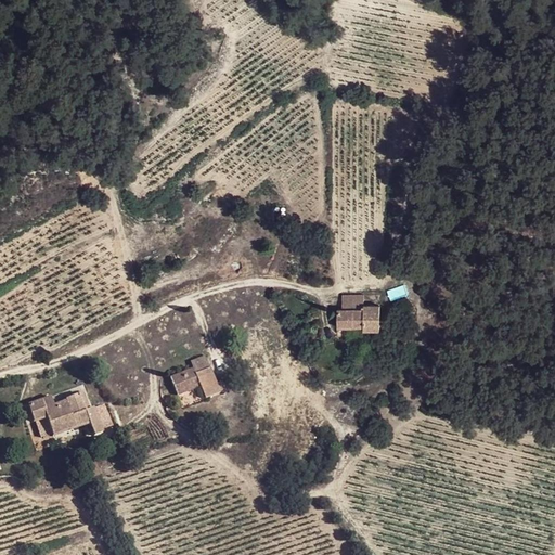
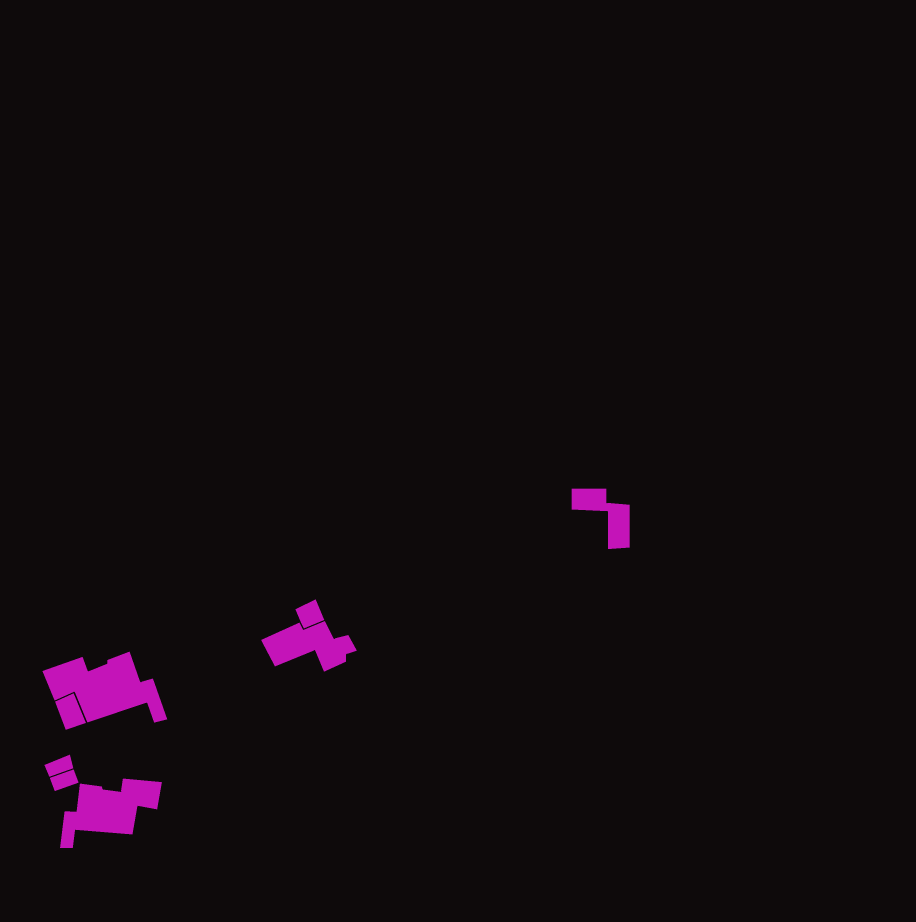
building: [341,306,369,325] -> none
building: none -> [60,778,163,849]

